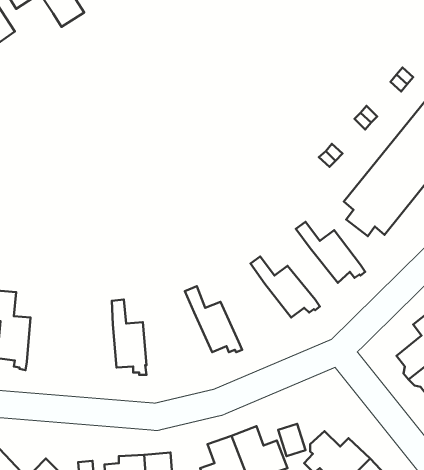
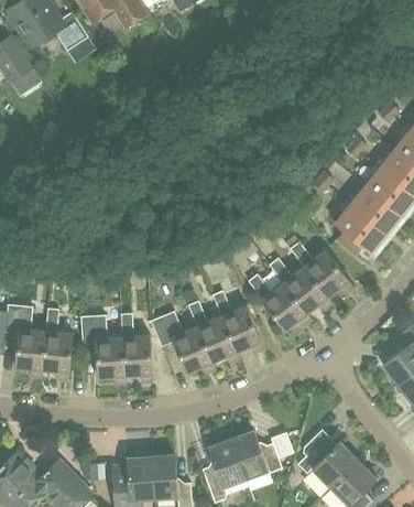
building: none -> [270,257,334,313]
building: none -> [213,290,265,352]
building: none -> [43,308,74,380]
building: none -> [151,311,216,373]
building: none -> [81,314,127,385]

